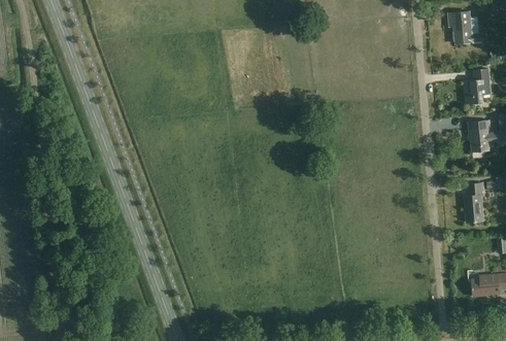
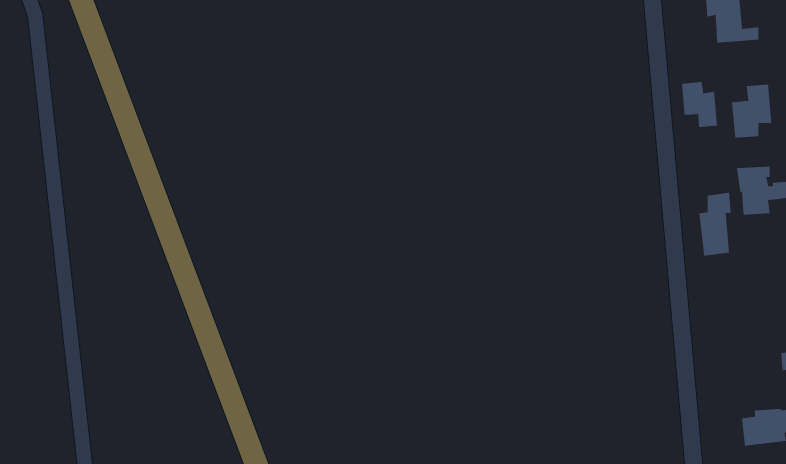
building: none -> [682,81,717,128]
building: [464,182,484,223] -> [699,192,731,256]

